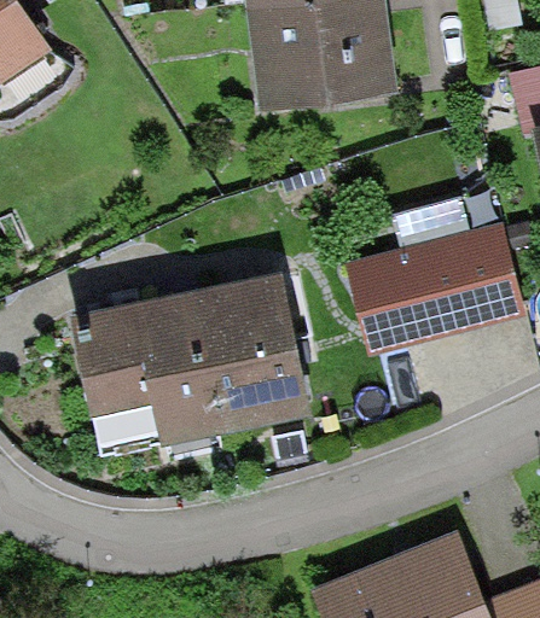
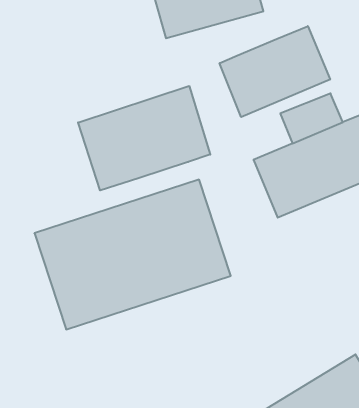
building: none -> [220,26,330,117]
building: none -> [78,86,210,190]

